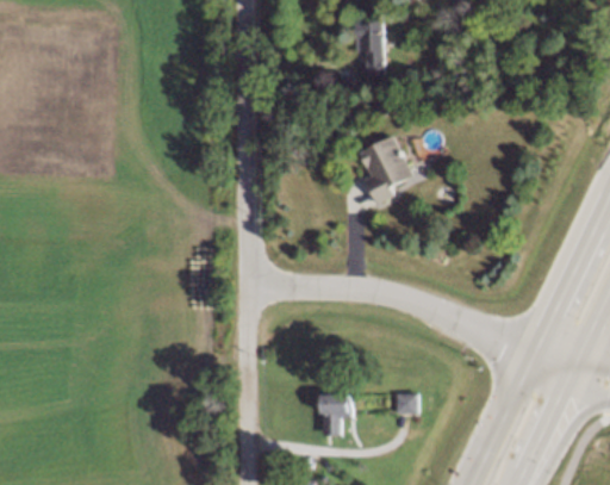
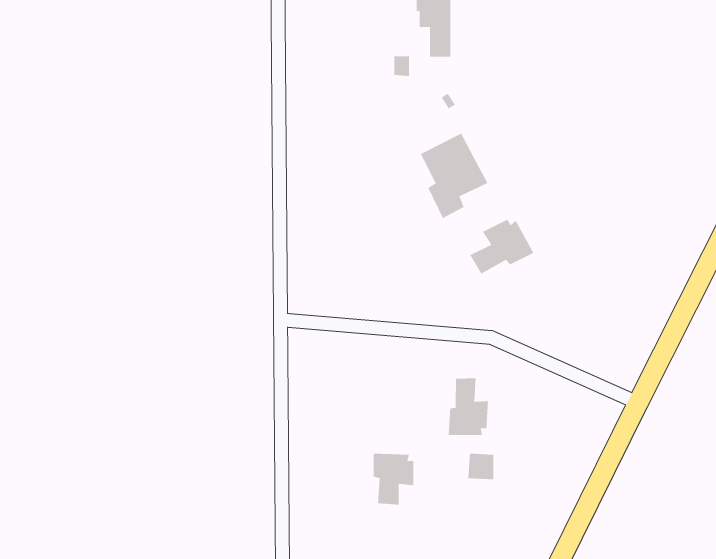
building: none -> [470,219,534,275]
building: none -> [448,378,489,436]

